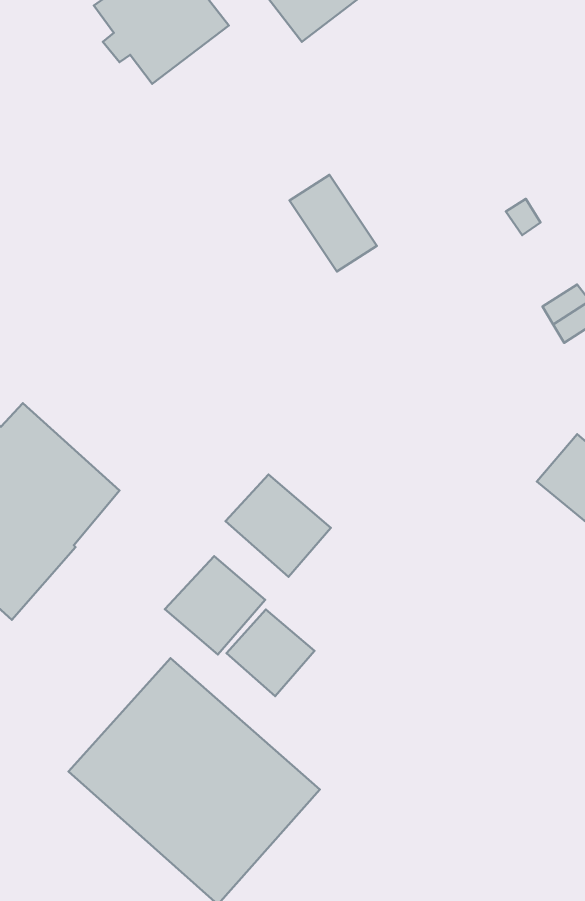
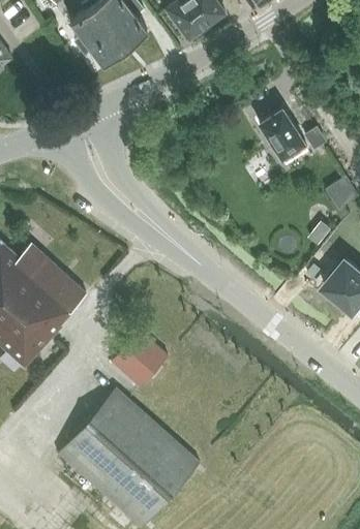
building: [289,175,377,272] -> [259,108,308,163]
building: [226,474,331,577] -> none
building: [226,609,314,696] -> none

